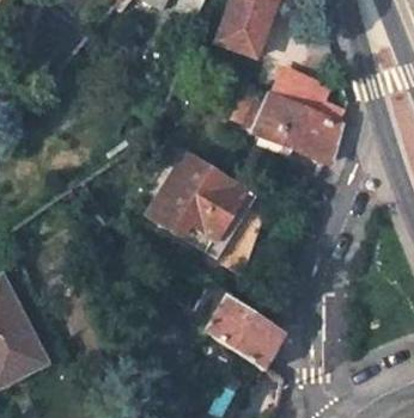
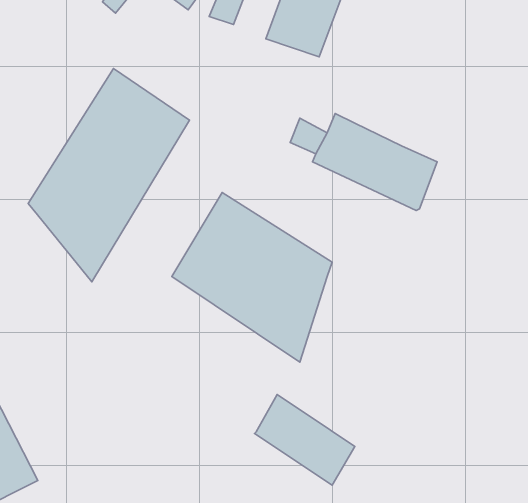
building: none -> [28,68,189,282]
building: [280,69,330,117] -> none

